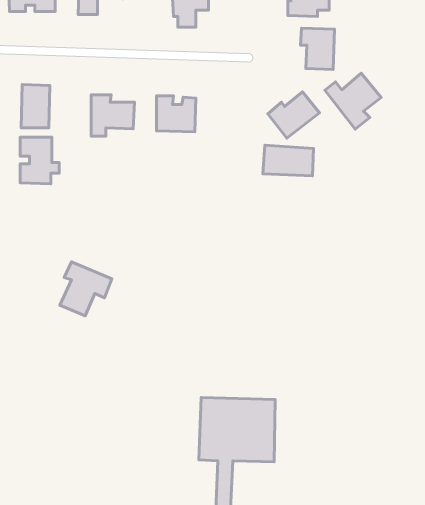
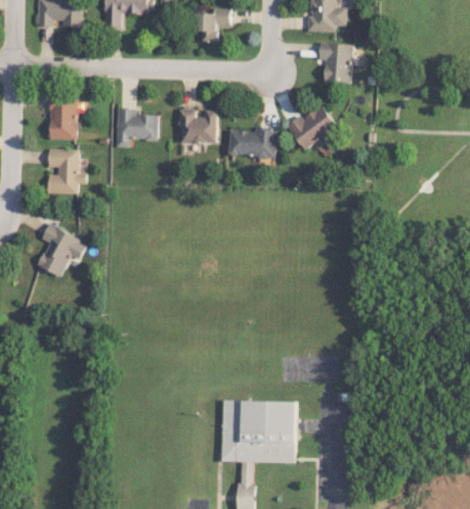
building: [325,73,381,129] -> none
building: [263,145,313,176] -> [228,128,277,158]
building: [60,262,112,316] -> [37,224,87,277]

